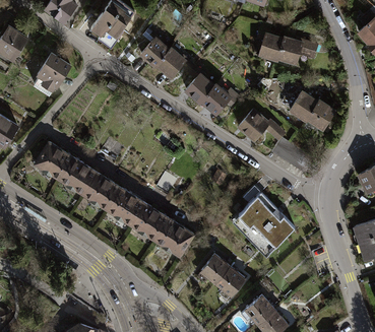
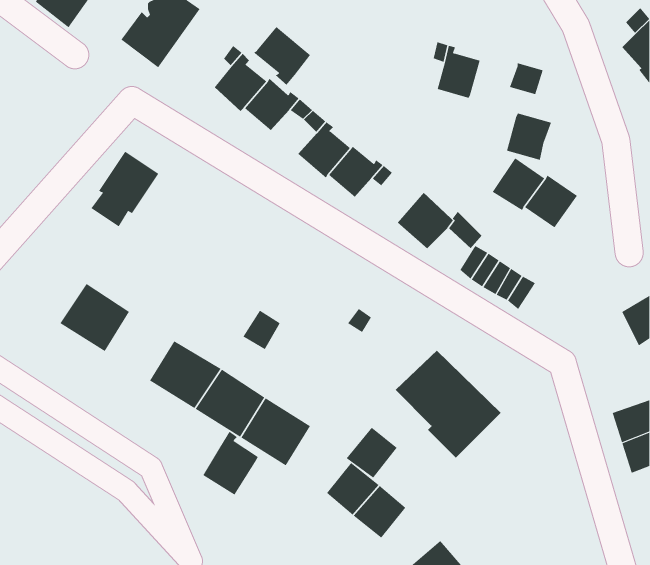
building: none -> [253,26,311,85]
building: [278,37,303,62] -> [506,113,552,160]
building: [34,53,70,93] -> [91,151,159,227]
building: [35,142,73,179] -> none
building: [83,173,120,209] -> none
building: none -> [346,427,397,479]
building: none -> [202,431,259,495]

